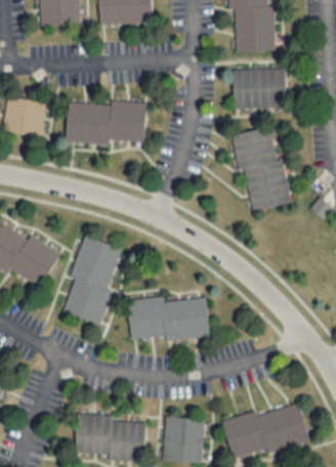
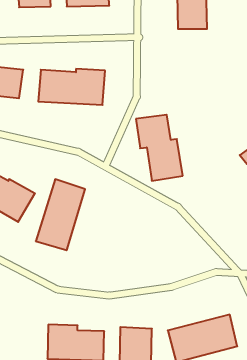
building: [233,69,287,110] -> none
building: [233,129,290,210] -> [136,115,183,181]
building: [128,297,209,342] -> none

